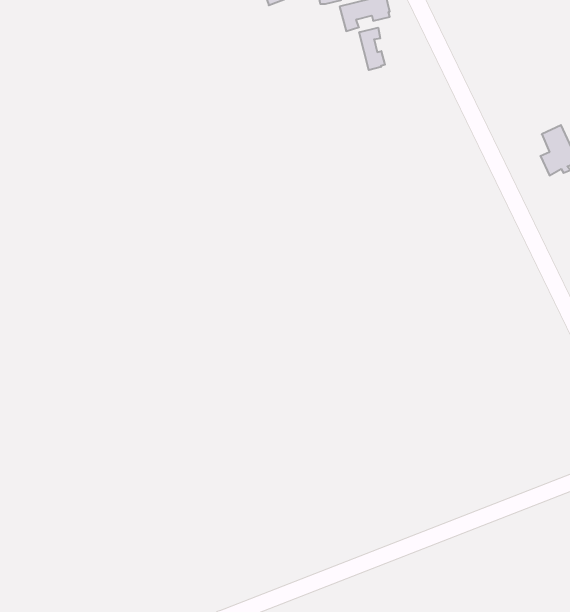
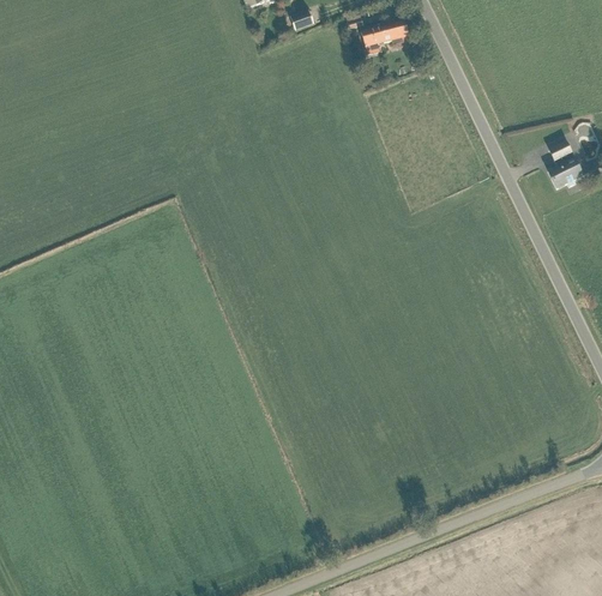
building: [359,28,385,70] -> none

